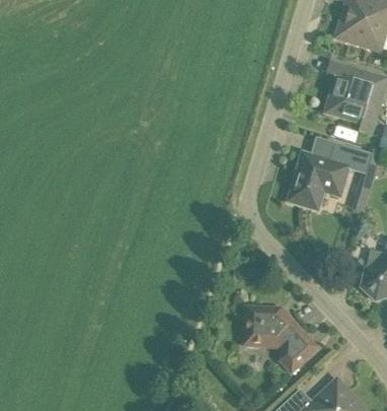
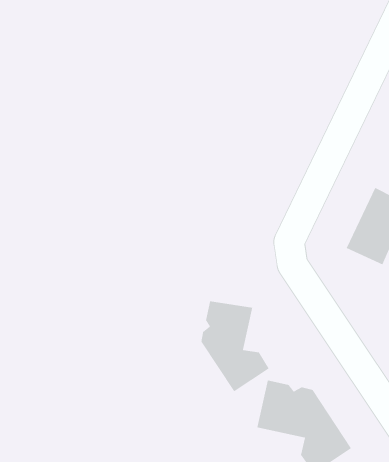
building: none -> [201,301,269,392]

